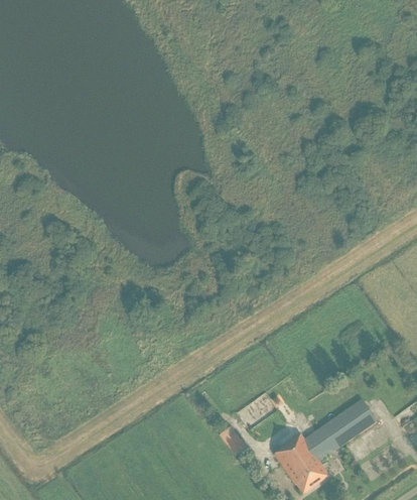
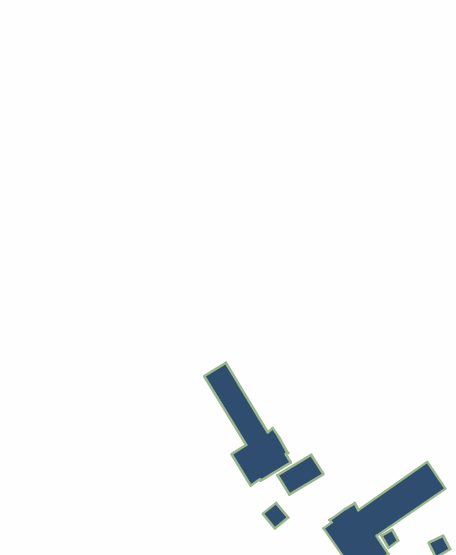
building: none -> [204,363,291,486]

